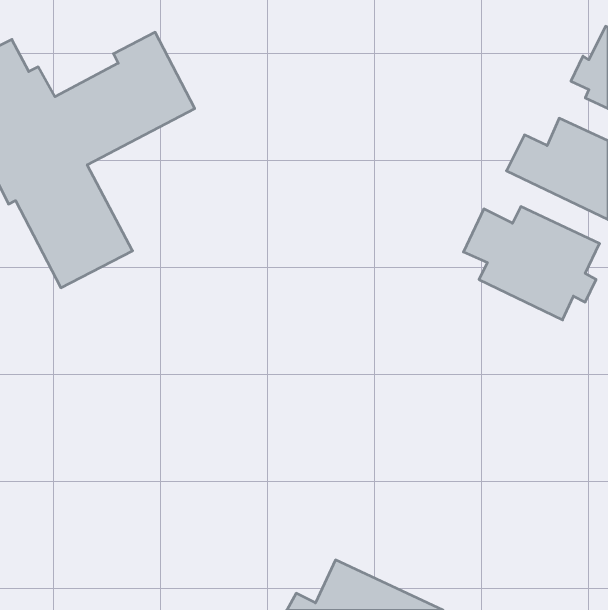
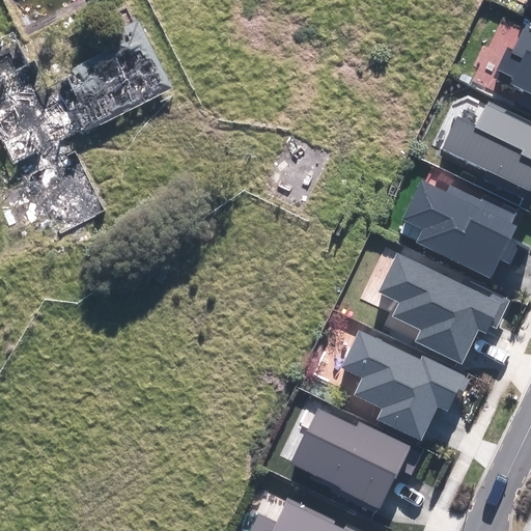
building: none -> [375,252,508,362]
building: none -> [339,331,468,440]
building: none -> [289,410,419,508]

